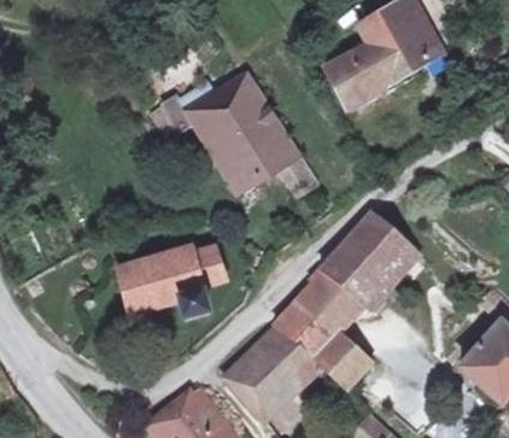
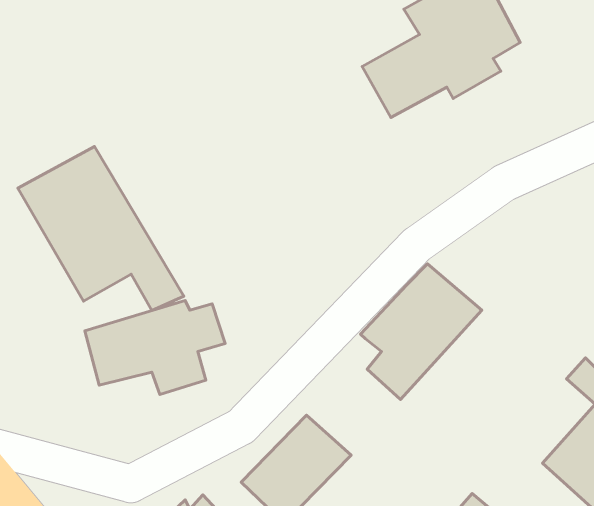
building: [185,77,310,202] -> [18,147,184,311]
building: [273,273,367,387] -> none

